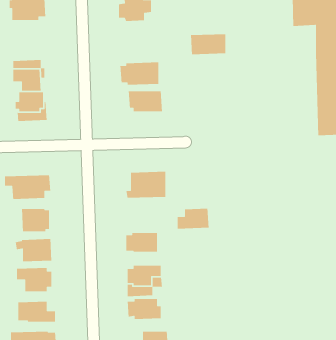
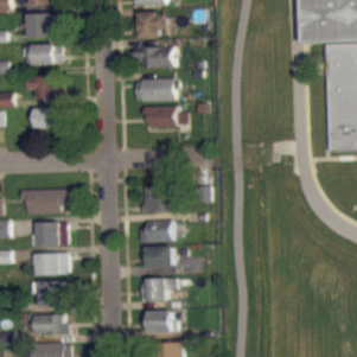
building: none -> [23,45,58,65]
building: [190,33,226,55] -> [135,47,171,69]
building: [177,208,209,229] -> [139,221,171,242]

